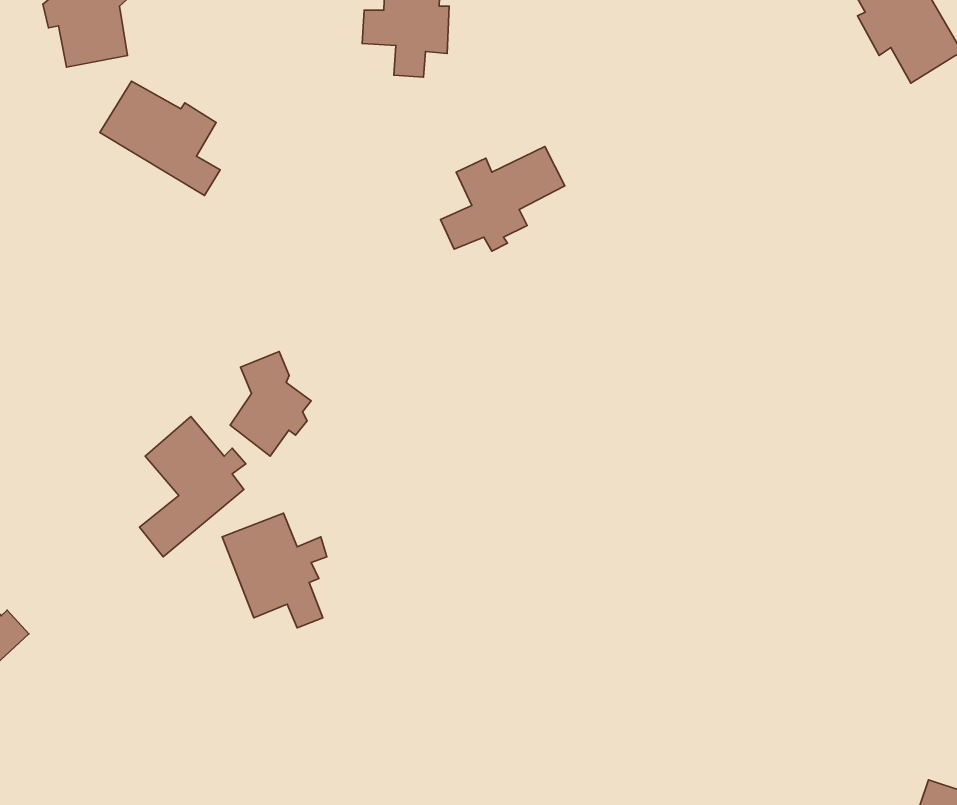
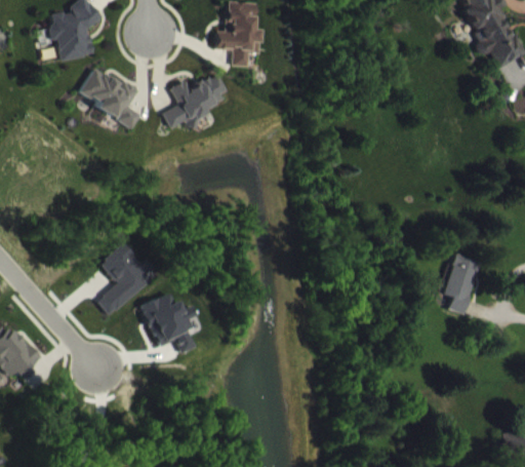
building: [440,146,565,251] -> [161,74,226,128]
building: [230,351,311,456] -> none
building: none -> [442,254,481,314]

